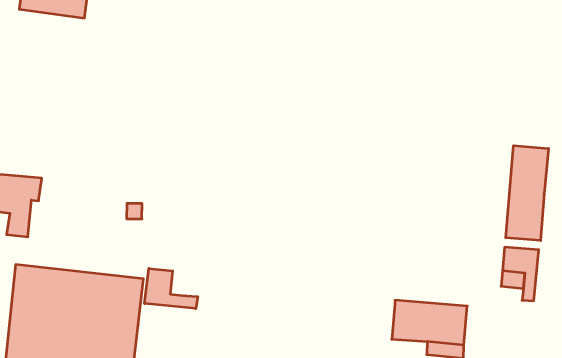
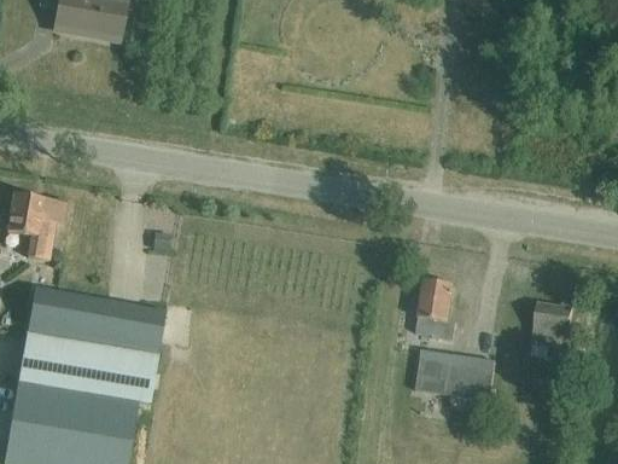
building: [506,146,548,241] -> none
building: none -> [416,278,455,340]
building: [145,268,198,309] -> none

